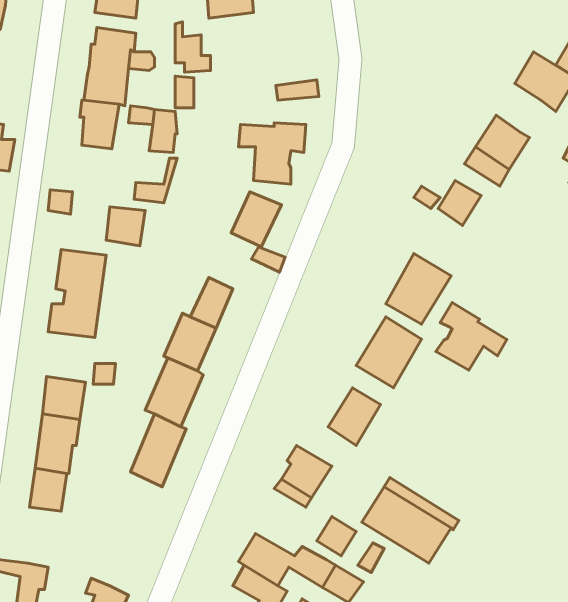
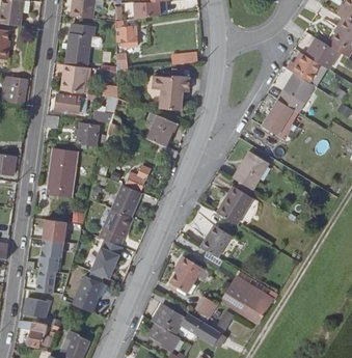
building: none -> [287,54,320,82]
building: none -> [55,89,81,112]
building: [436,302,507,370] -> none
building: none -> [74,275,105,312]
building: none -> [24,298,56,325]

